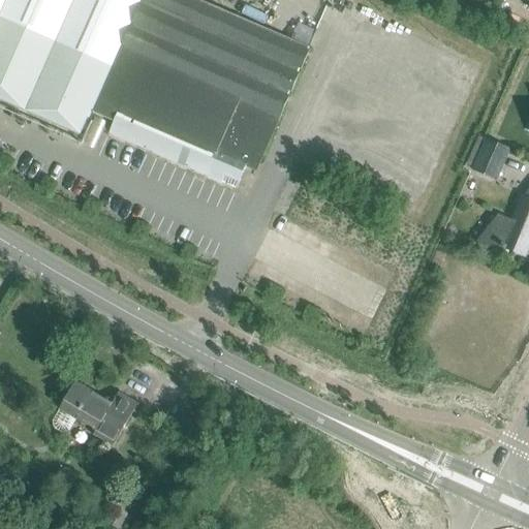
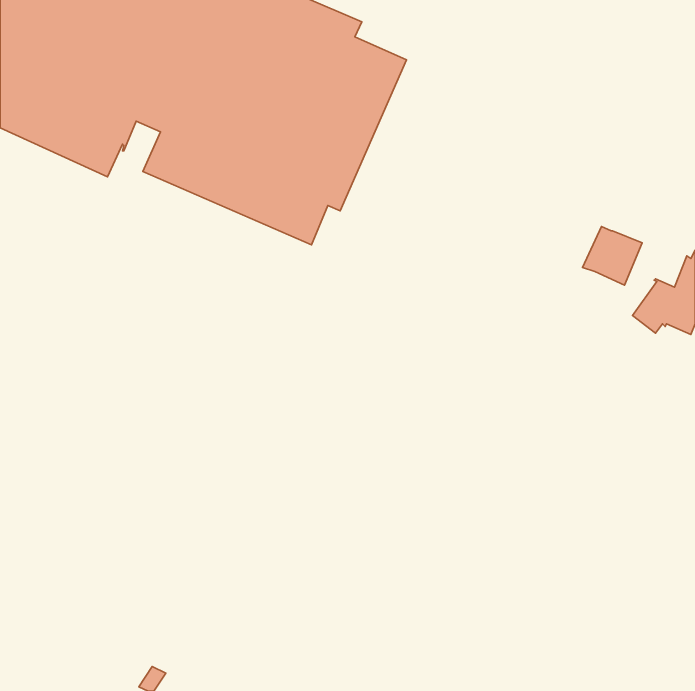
building: [464,134,509,179] -> [582,227,642,285]
building: [54,379,138,444] -> none

